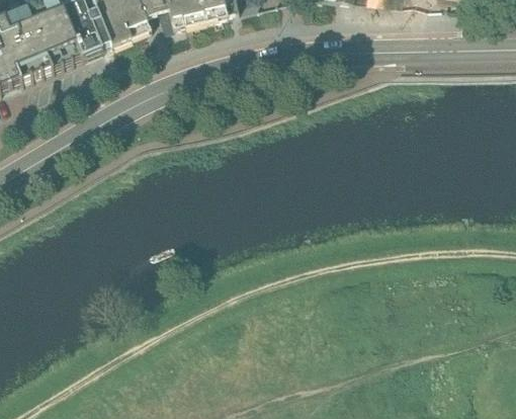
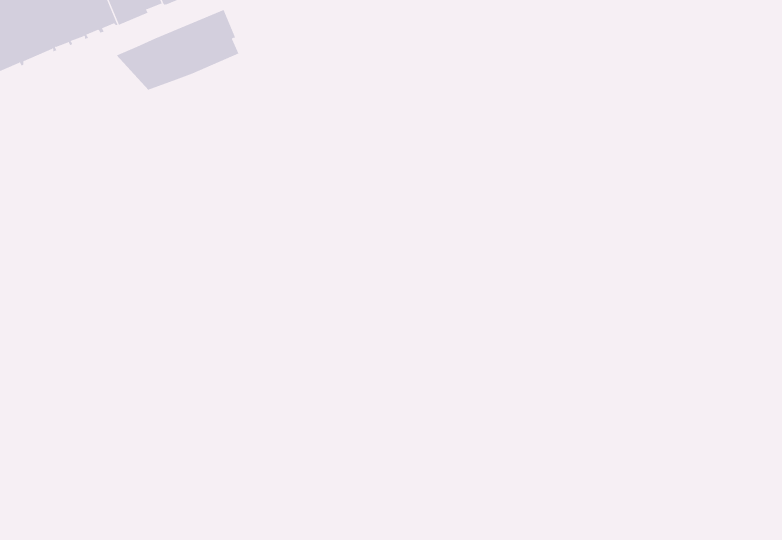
building: none -> [116,9,239,90]

